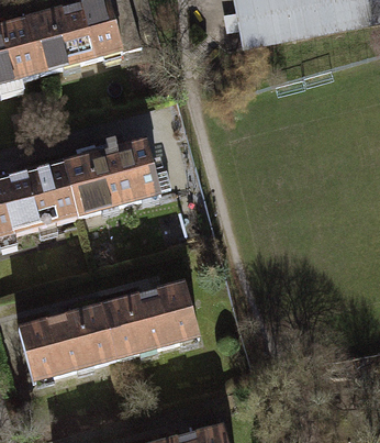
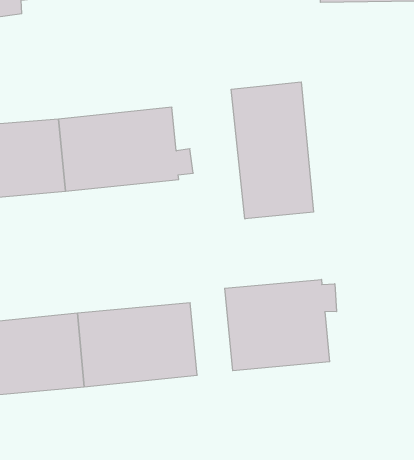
building: none -> [231,82,313,219]
building: none -> [225,279,337,371]

